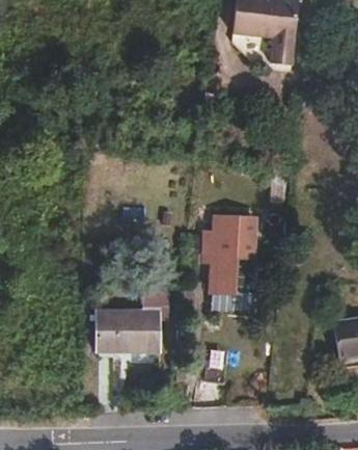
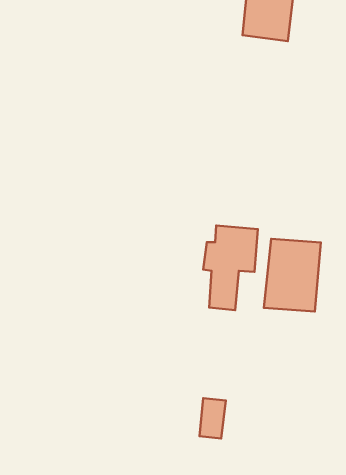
building: none -> [264,239,321,312]
building: [98,310,160,349] -> none

